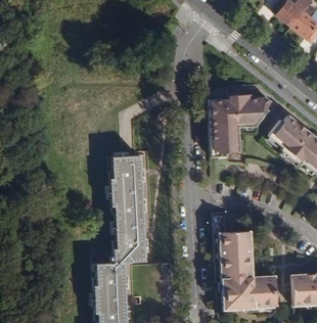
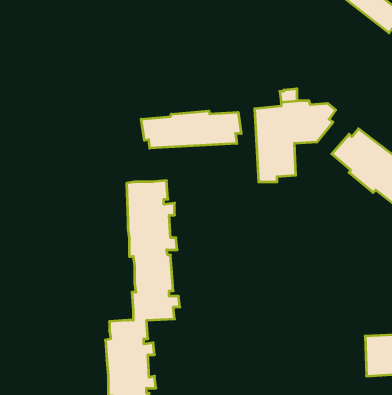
building: none -> [141,111,241,148]
building: [220,232,277,310] -> none

